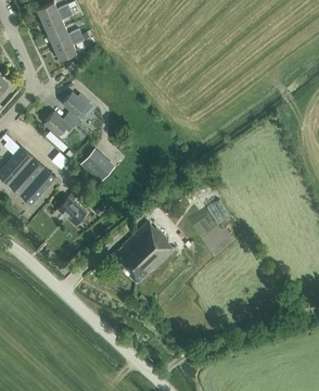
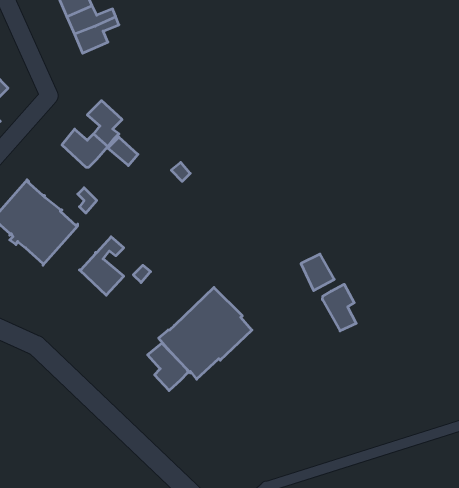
building: [81,152,113,182] -> none
building: none -> [322,284,356,331]
building: none -> [148,343,188,391]

